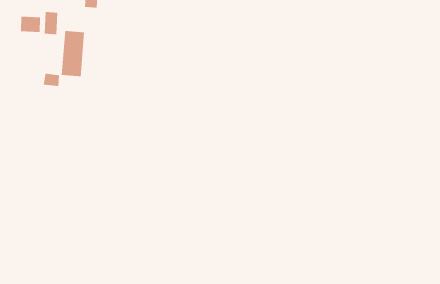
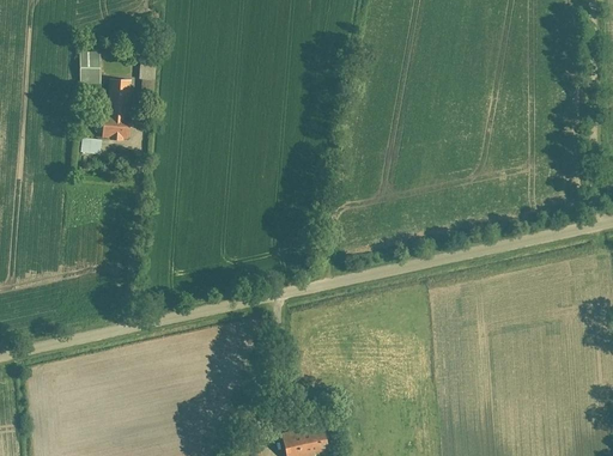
building: [21,16,41,33] -> none

